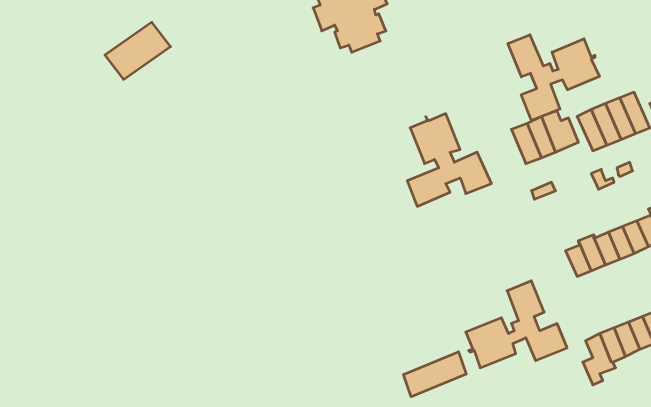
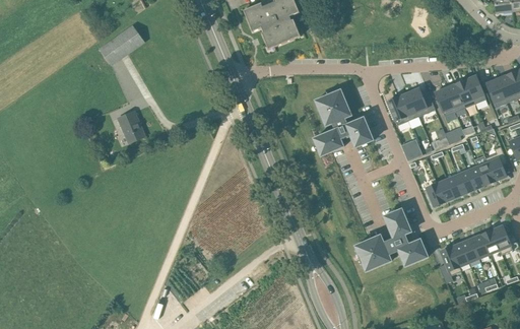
building: [508,35,599,120] -> none
building: none -> [119,111,145,142]
building: [404,352,466,397] -> none

